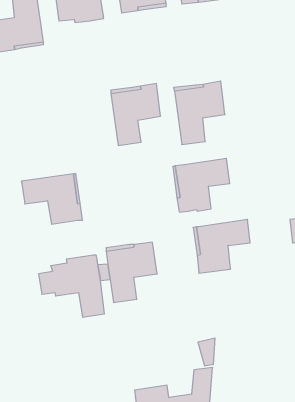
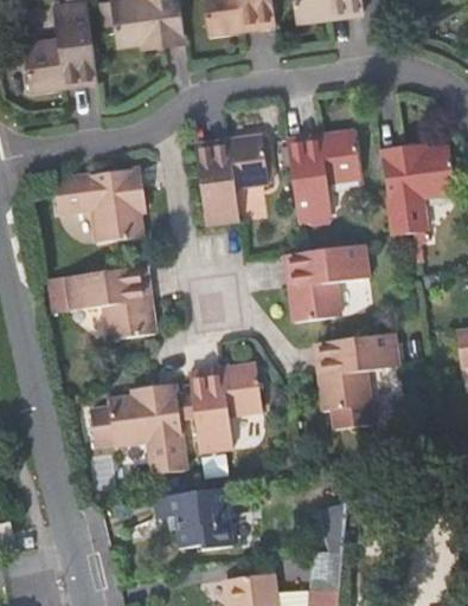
building: none -> [380,144,456,236]
building: none -> [53,168,145,243]
building: none -> [162,489,233,553]

